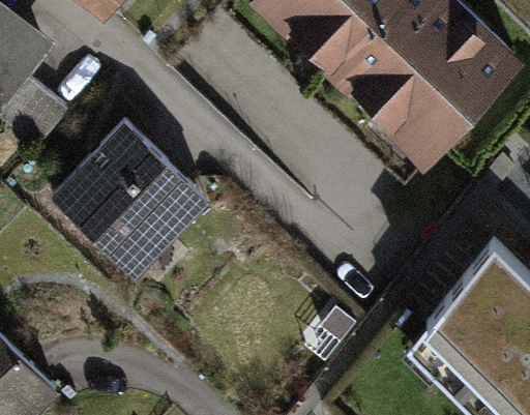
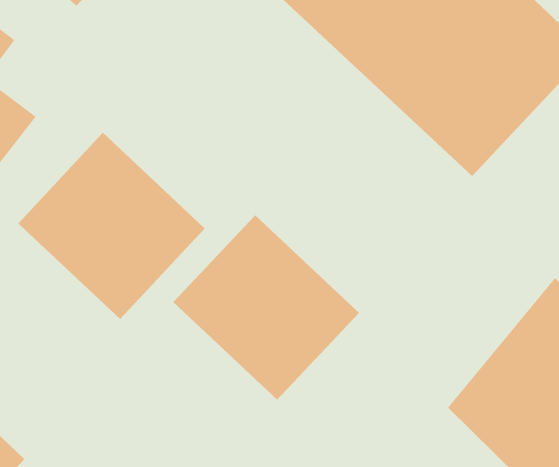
building: none -> [172,215,360,400]

